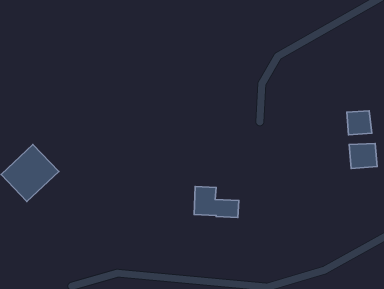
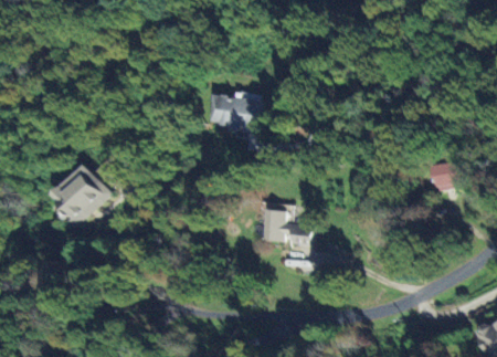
building: none -> [208,93,261,134]
building: [347,111,372,135] -> none

